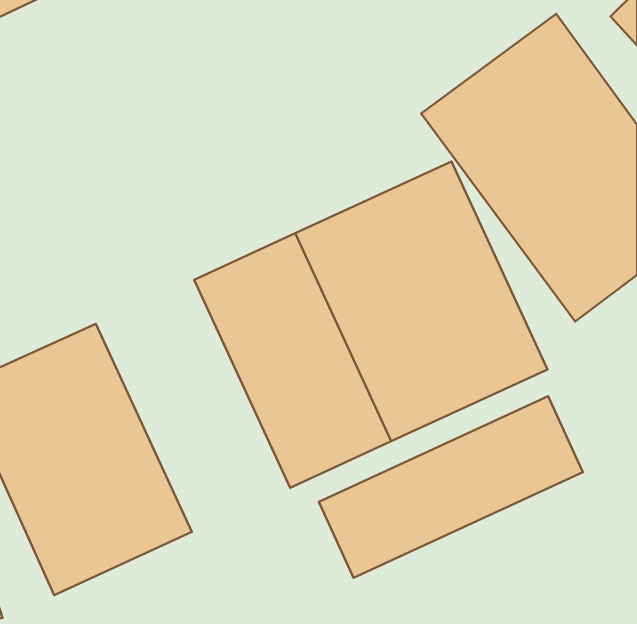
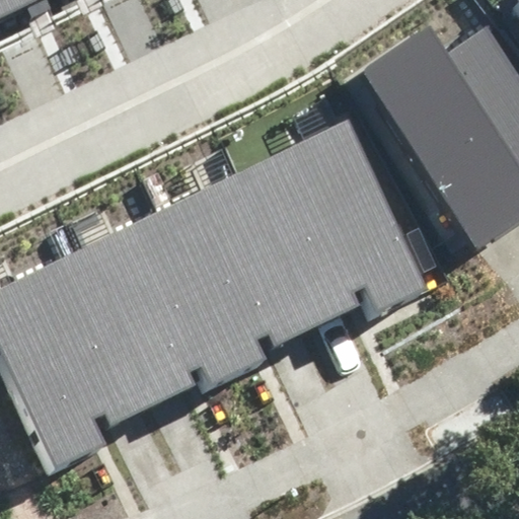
building: none -> [77,225,233,428]
building: [319,396,583,578] -> none

